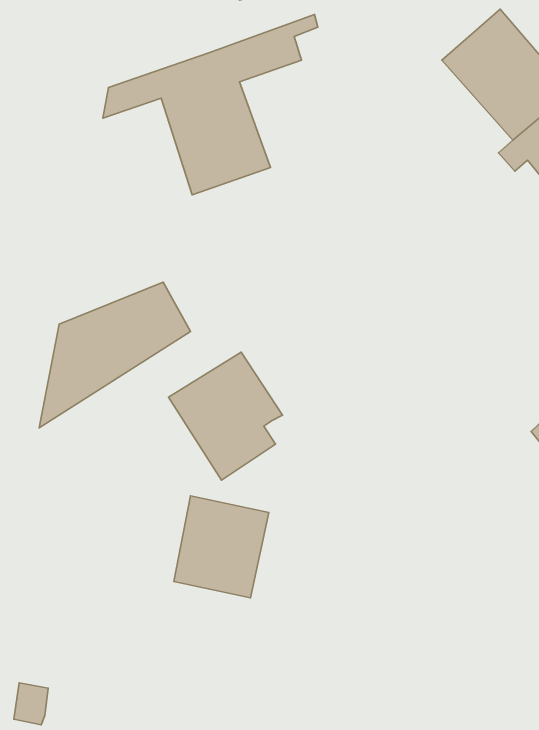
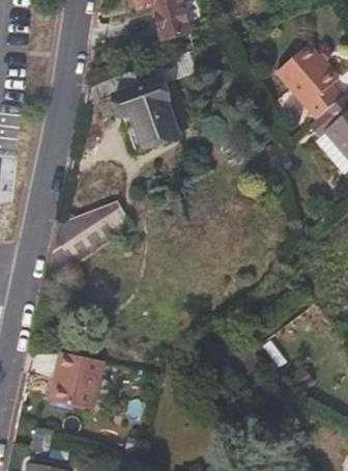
building: [169,352,283,480] -> none
building: [174,496,269,598] -> [50,352,104,410]

